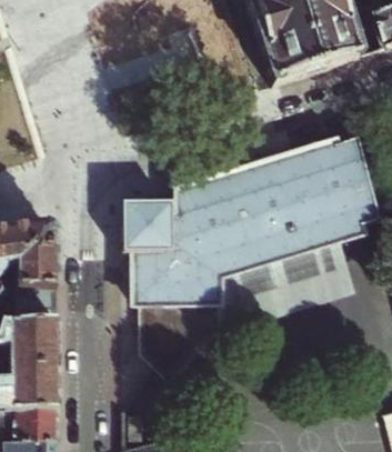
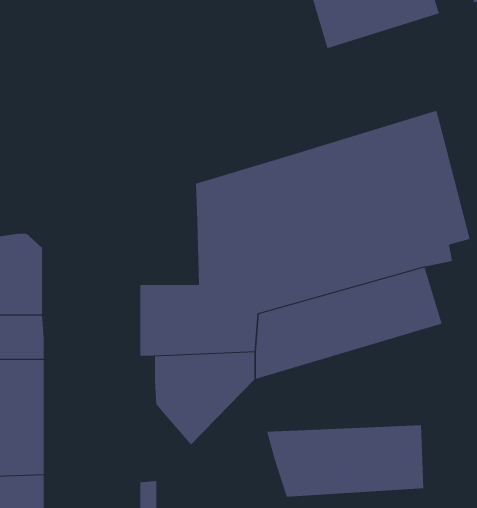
building: [124,210,175,259] -> none
building: none -> [267,424,424,498]

